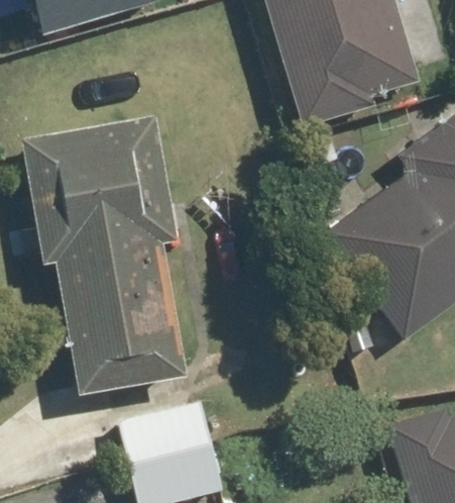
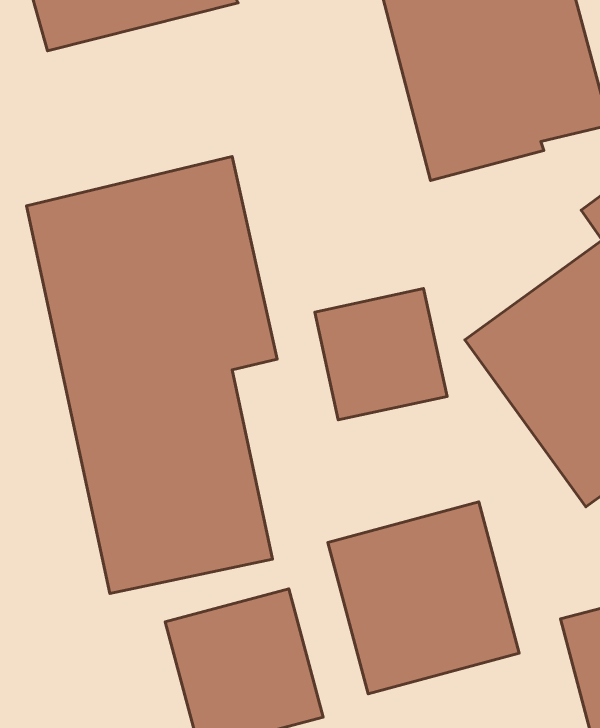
building: none -> [315,289,447,420]
building: none -> [328,502,519,694]

